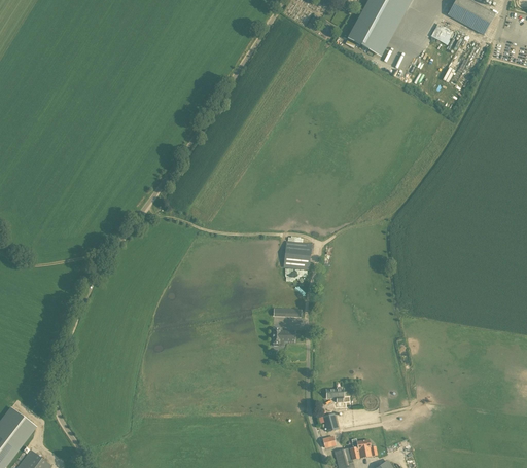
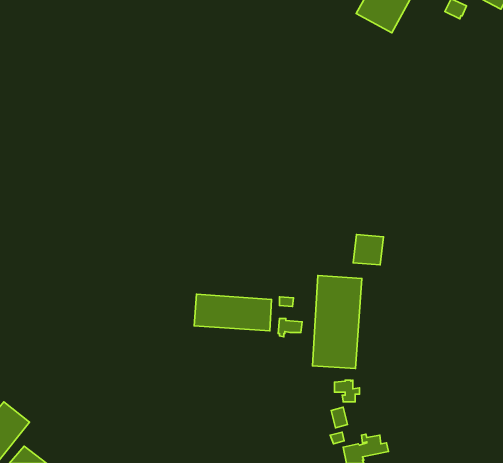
building: [283,240,312,268] -> [353,235,384,265]
building: none -> [312,275,362,368]
building: none -> [194,294,272,331]

